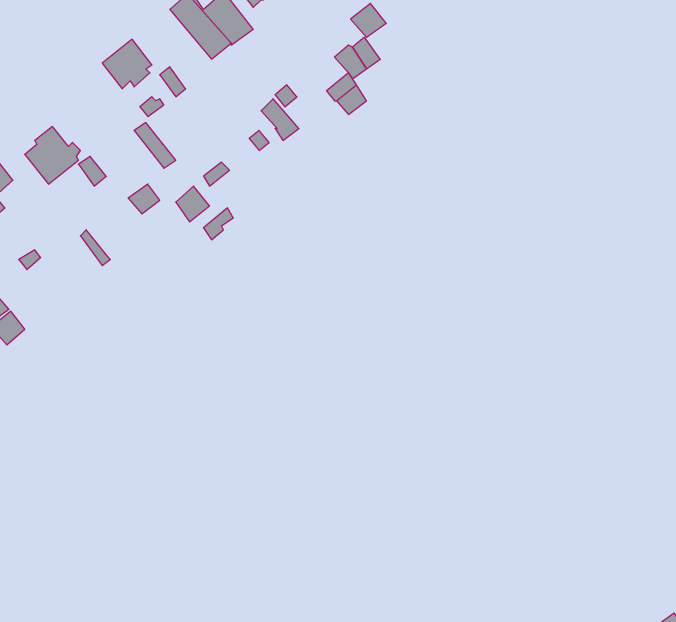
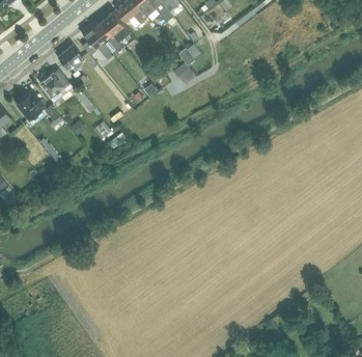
building: none -> [82,28,114,58]
building: none -> [40,68,73,103]

